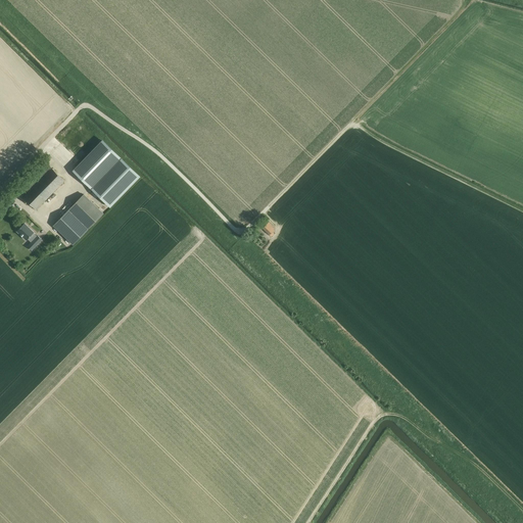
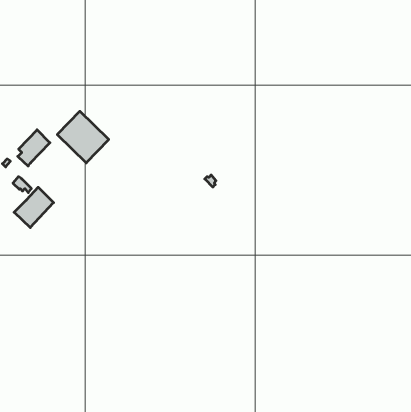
building: [52,194,102,245] -> [14,187,54,228]

